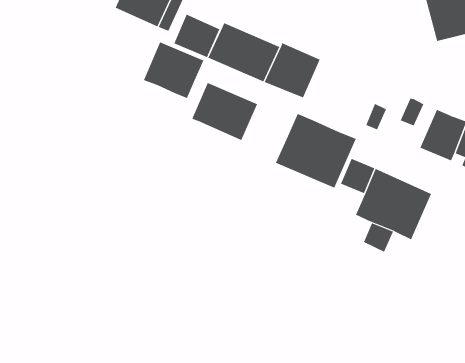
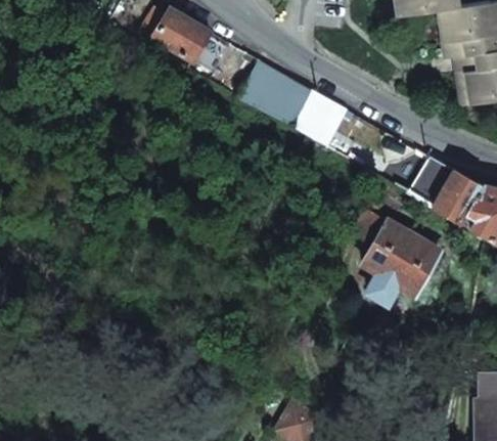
building: [143,42,204,99] -> none
building: [191,82,258,141] -> none
building: [275,113,357,189] -> none

